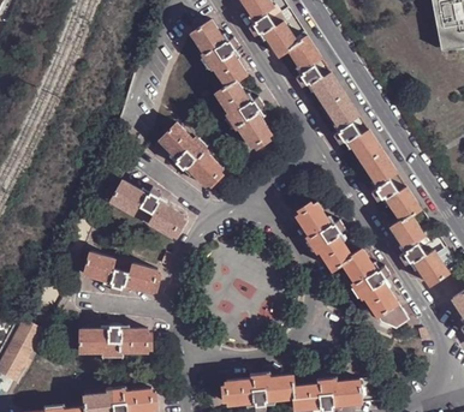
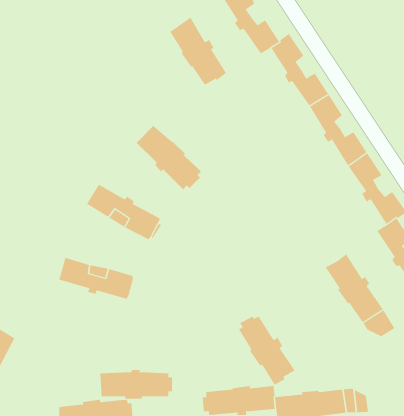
building: [215,80,272,148] -> none
building: [297,203,352,270] -> [238,316,295,386]
building: [79,327,150,356] -> [99,369,173,399]

